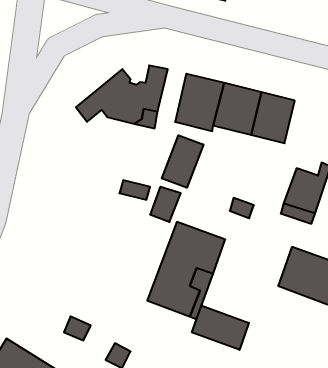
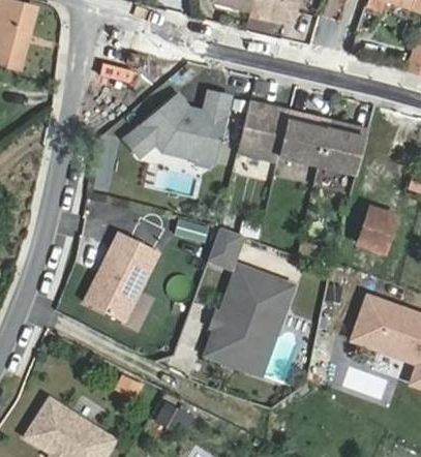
building: [162,135,203,188] -> none
building: none -> [86,230,156,319]
building: [192,305,249,350] -> none

